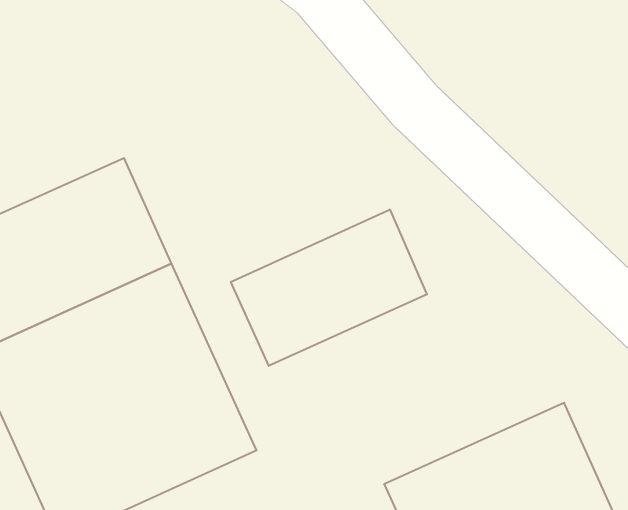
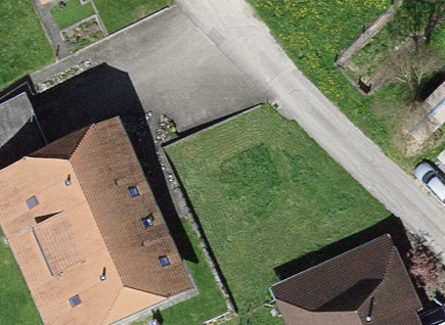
building: [231,209,427,366] -> none

